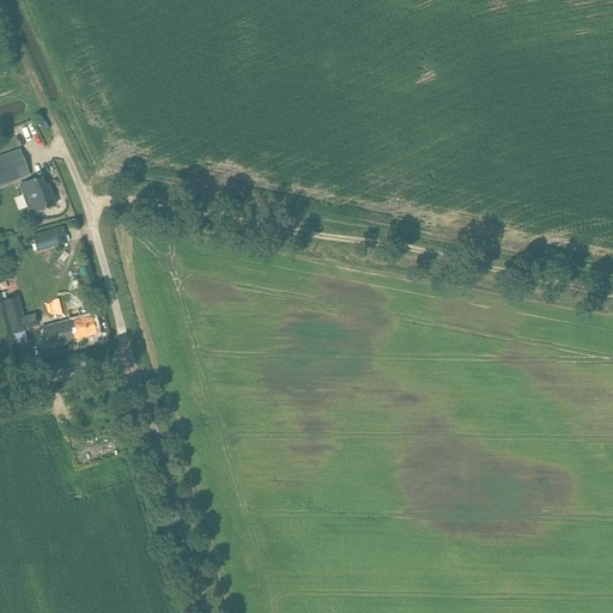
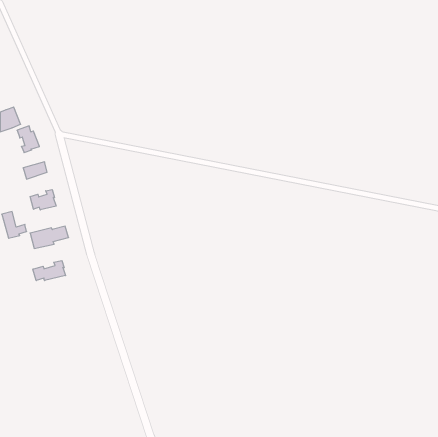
building: none -> [30,190,56,210]
building: none -> [33,261,66,281]

